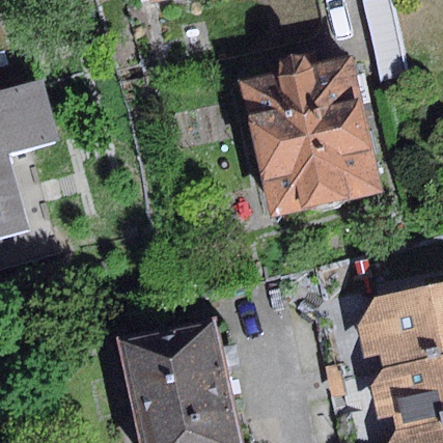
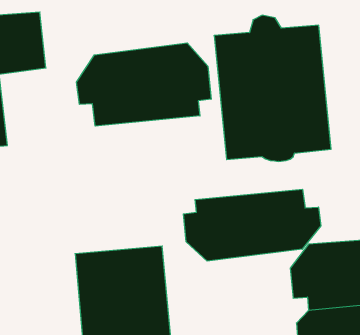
building: none -> [77,43,211,126]
building: none -> [183,189,321,261]

